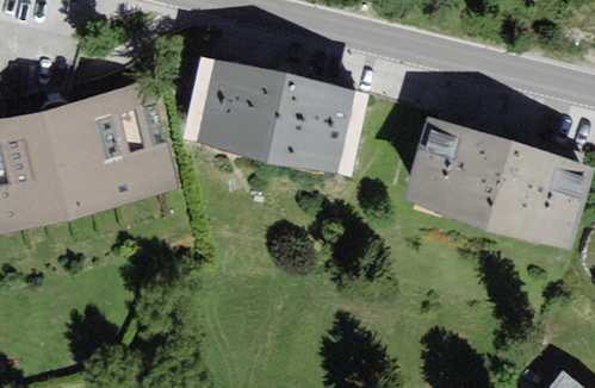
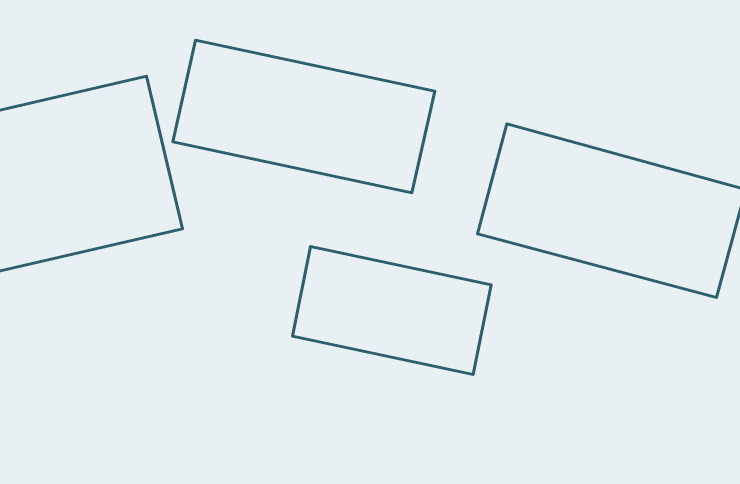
building: none -> [292,246,491,375]

